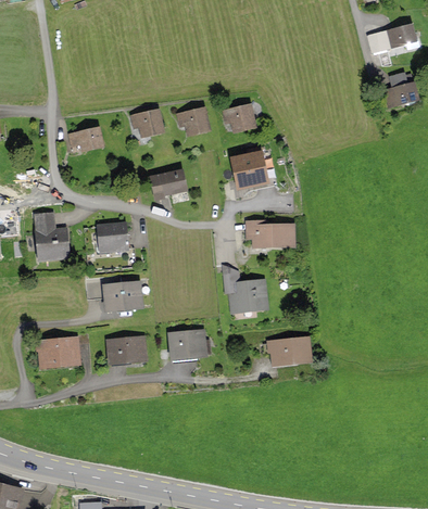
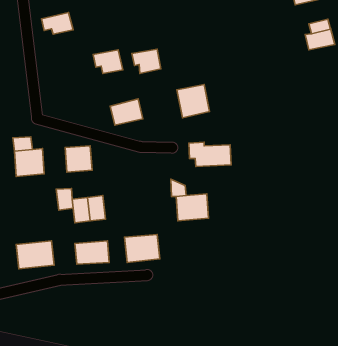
building: [221,102,256,131] -> none
building: [66,125,104,151] -> [42,13,73,34]
building: [266,336,312,368] -> none

